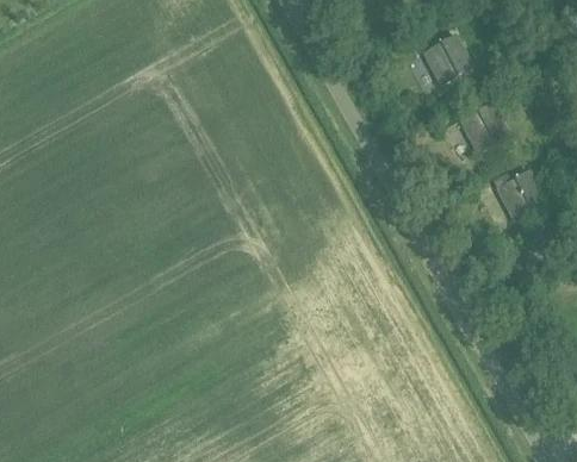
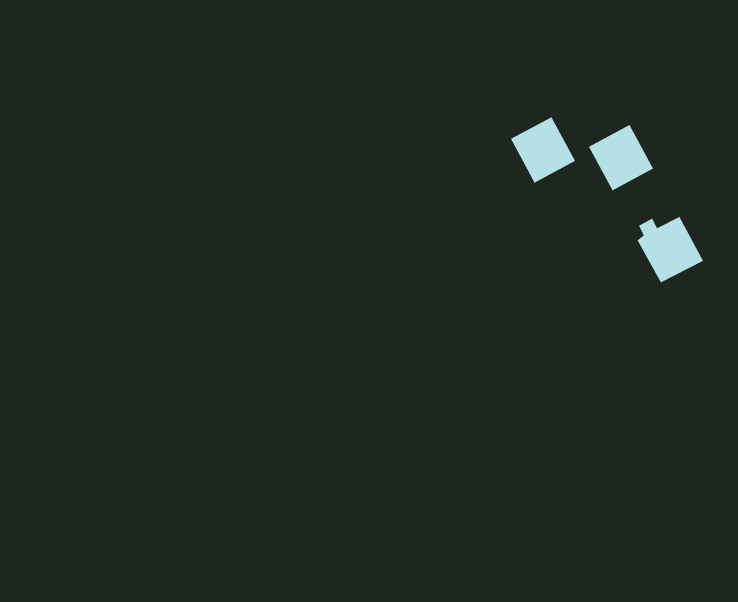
building: [422,33,471,83] -> [510,116,576,184]

